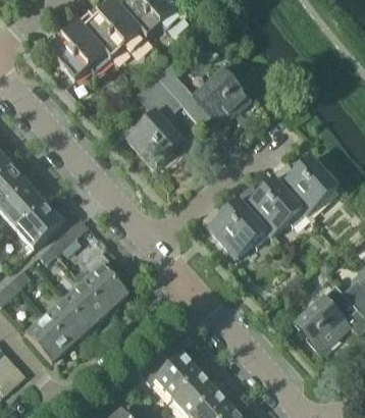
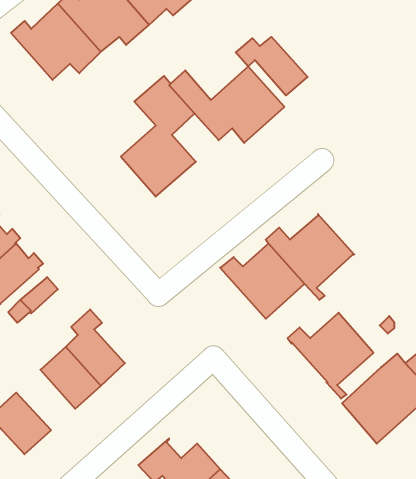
building: none -> [236,37,308,95]
building: [271,157,336,222] -> [288,313,373,399]
building: [45,298,90,344] -> none

